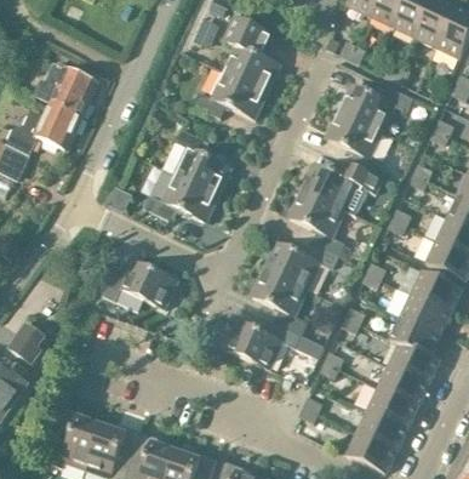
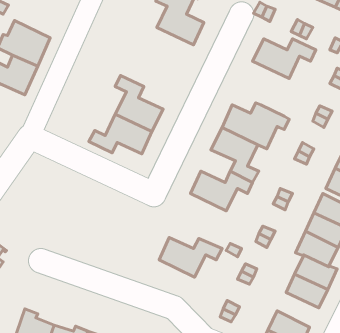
building: [193,72,268,119] -> none
building: [326,112,382,177] -> none
building: [102,261,177,309] -> none
building: [251,269,308,335] -> none
building: [367,387,417,428] -> none

